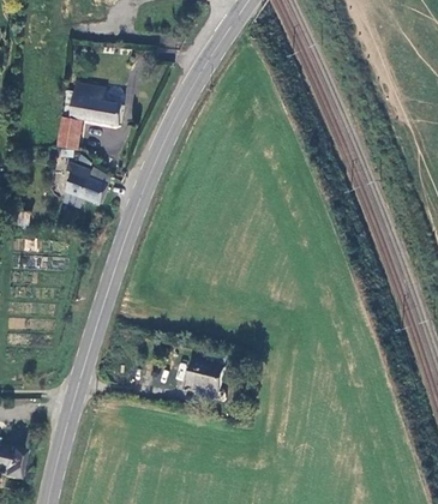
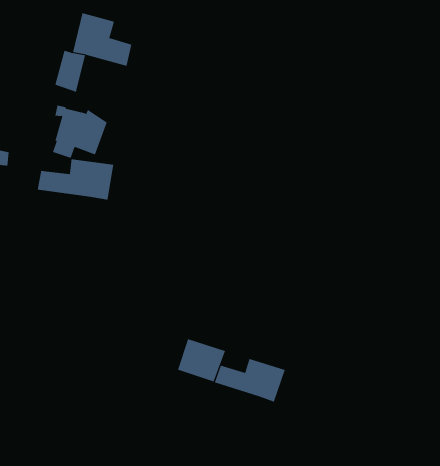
building: none -> [37,158,114,201]
building: none -> [214,358,285,403]

